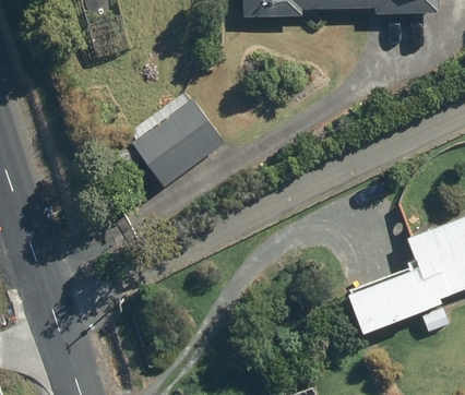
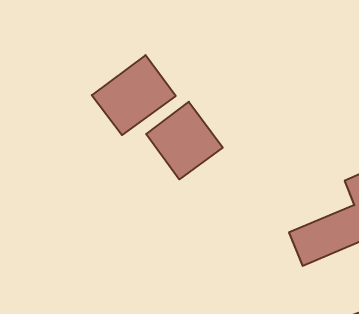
building: none -> [146,102,223,179]

